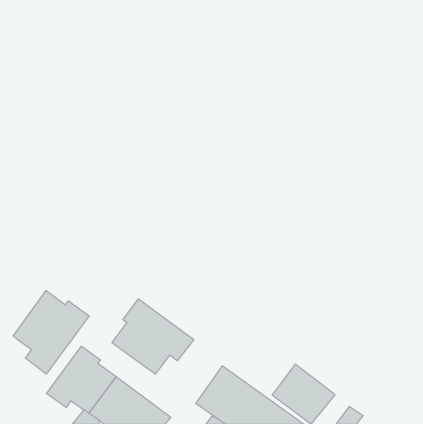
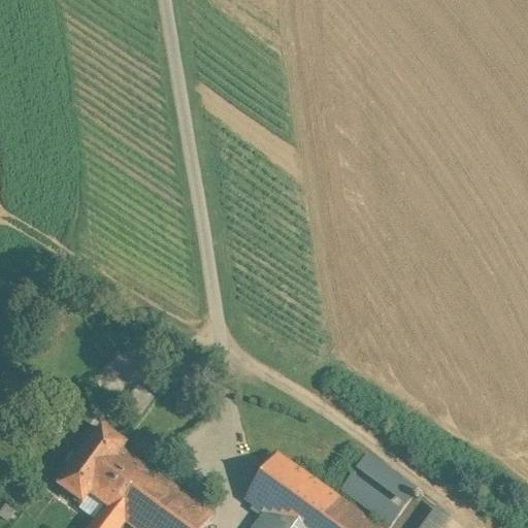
building: [13,290,89,374] -> none
building: [112,299,194,374] -> none

